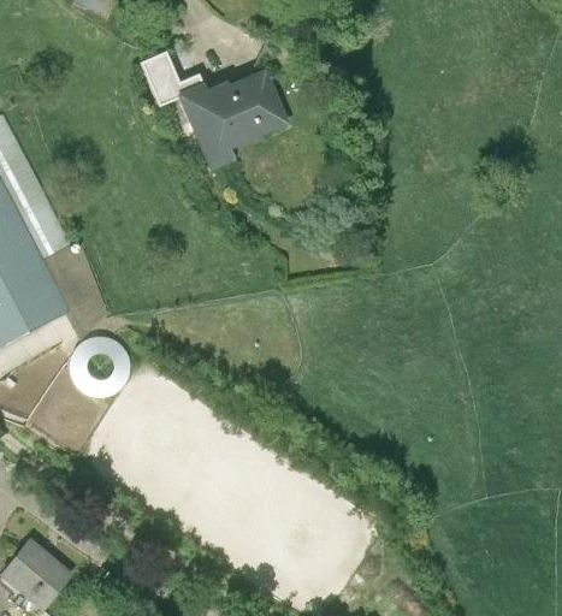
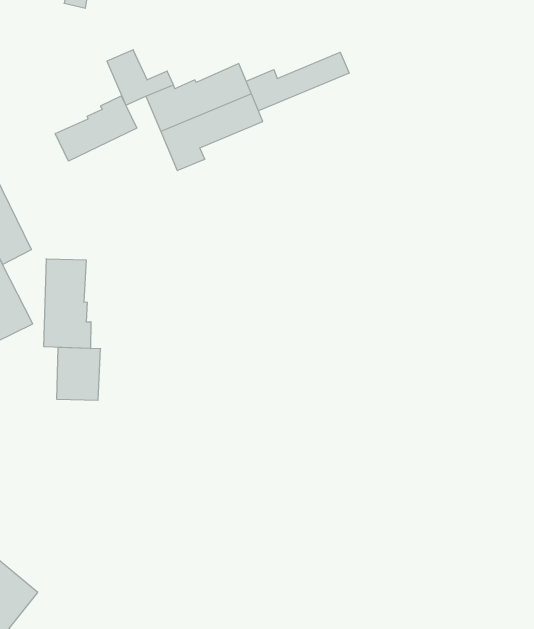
building: none -> [246,52,349,111]
building: none -> [55,96,137,161]
building: none -> [44,259,91,349]

